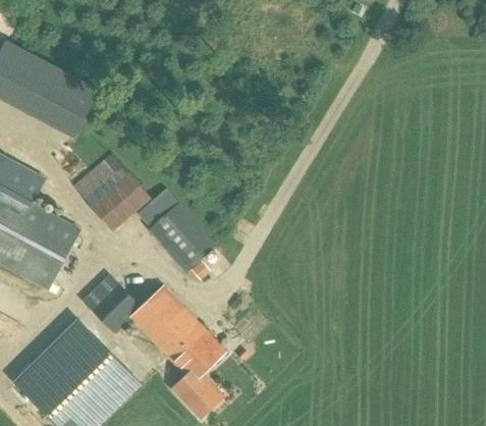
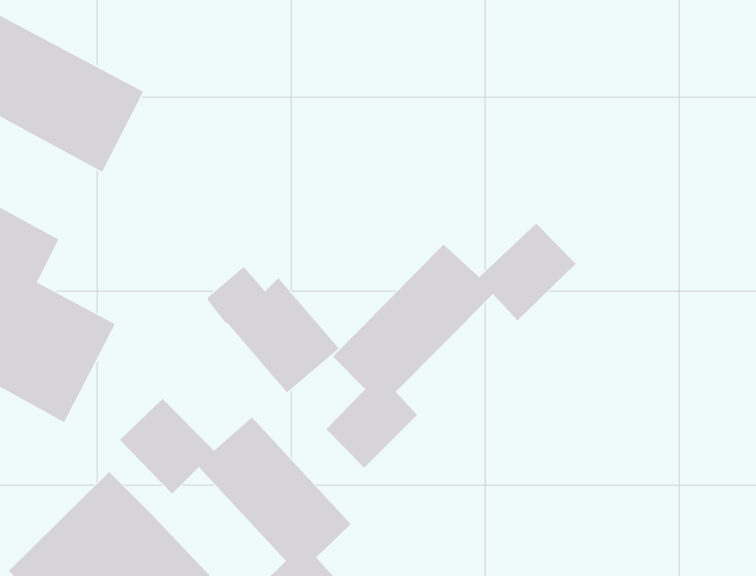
building: [72,159,151,231] -> none
building: none -> [326,223,576,468]

